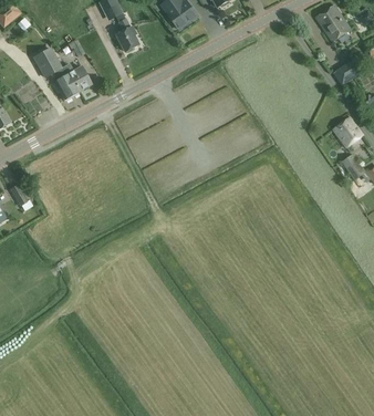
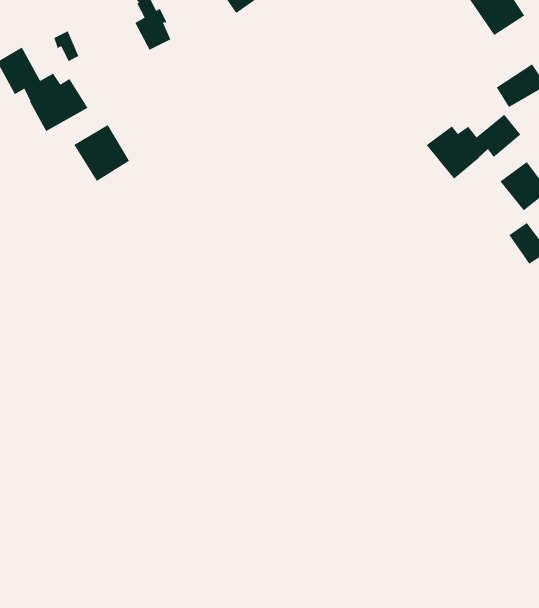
building: none -> [426,114,521,179]
building: none -> [73,124,130,182]

